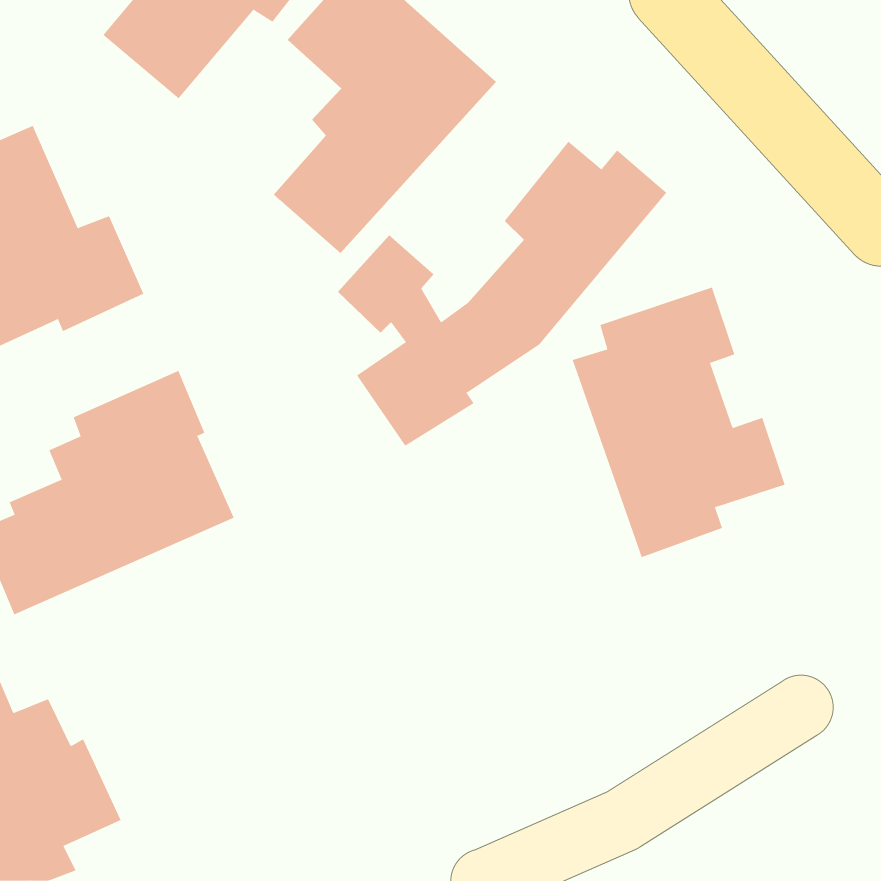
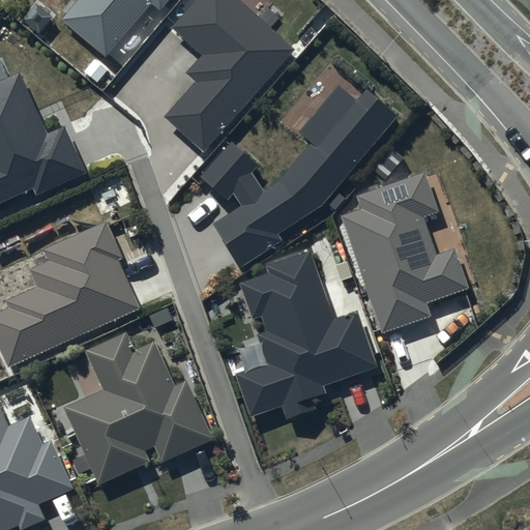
building: none -> [235,248,377,419]
building: none -> [63,330,213,483]

